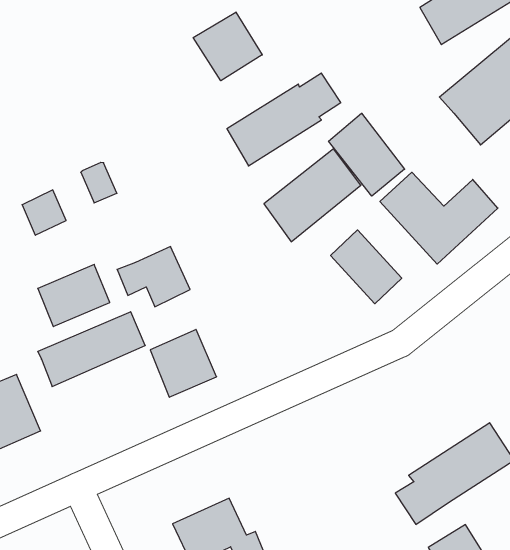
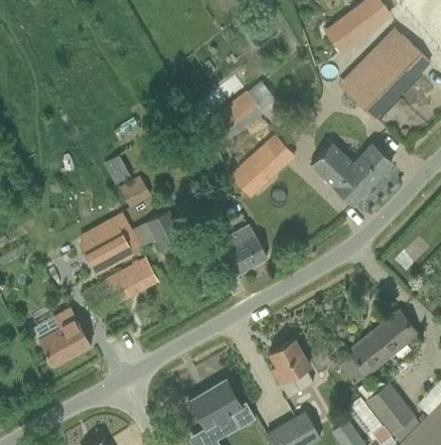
building: [193,12,262,81] -> none
building: [329,113,405,196] -> none
building: [22,190,66,235] -> [119,176,150,208]
building: [331,230,402,304] -> none
building: [150,329,217,397] -> [218,227,266,275]
building: none -> [269,339,312,398]

